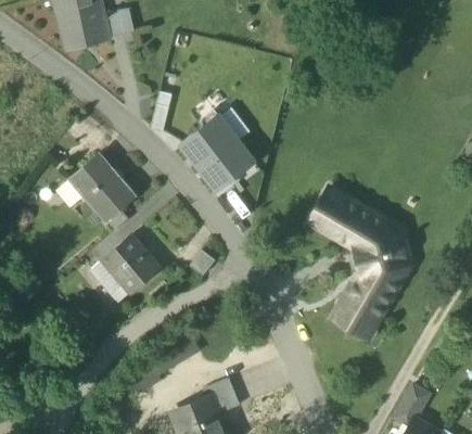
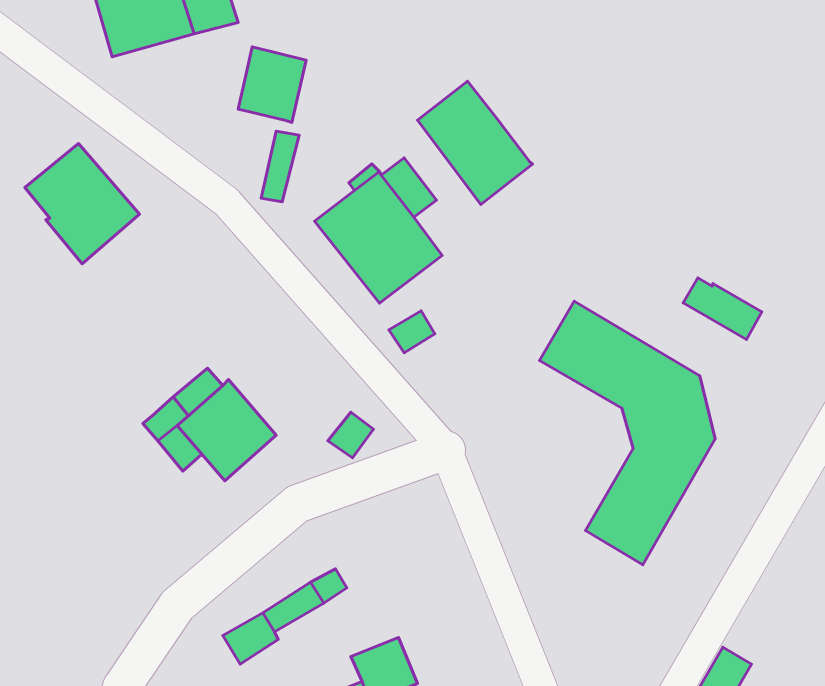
building: none -> [238,47,306,123]
building: none -> [417,81,533,204]
building: [73,152,138,220] -> [25,144,139,264]
building: none -> [683,278,762,340]

